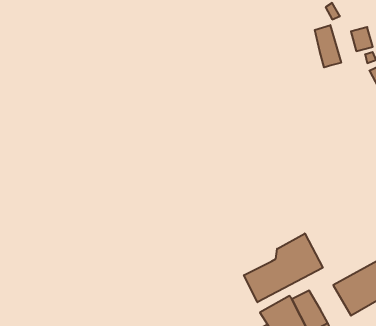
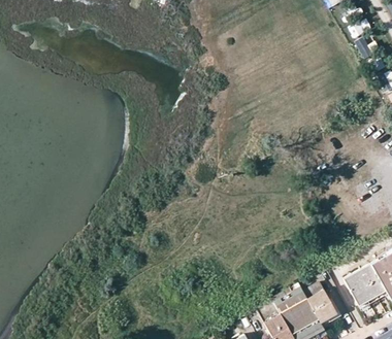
building: [315,25,341,67] -> none
building: [244,233,323,302] -> none

